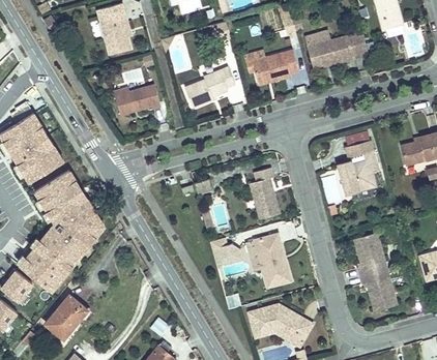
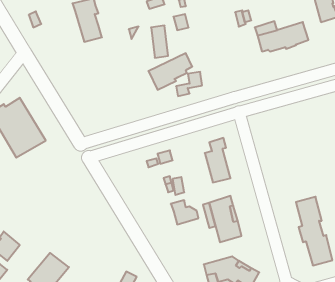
building: [252,51,297,80] -> none
building: [116,83,159,112] -> none
building: [334,138,374,189] -> none
building: [21,175,104,296] -> none

